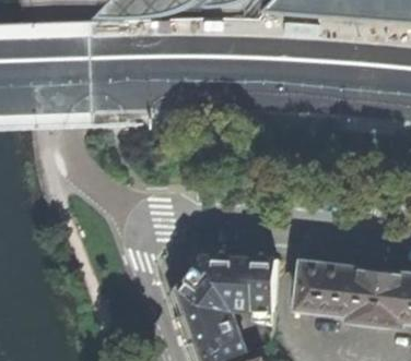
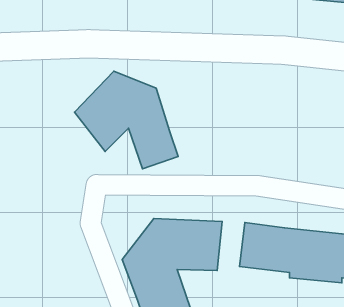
building: none -> [74,71,178,169]

